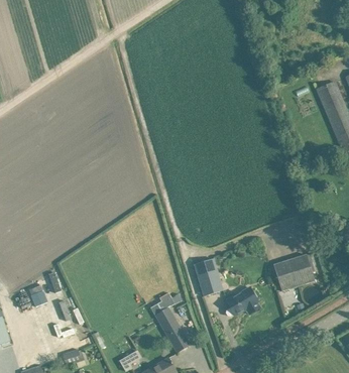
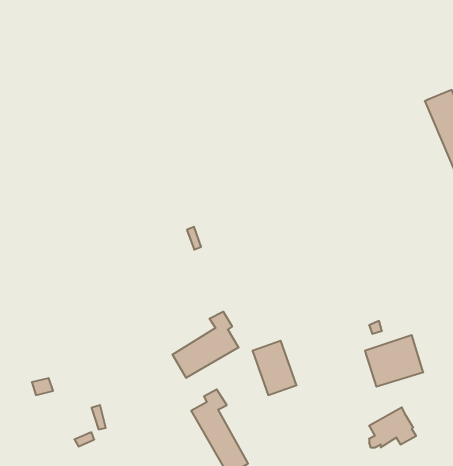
building: none -> [173,312,239,378]
building: [227,287,260,316] -> [369,407,416,447]

